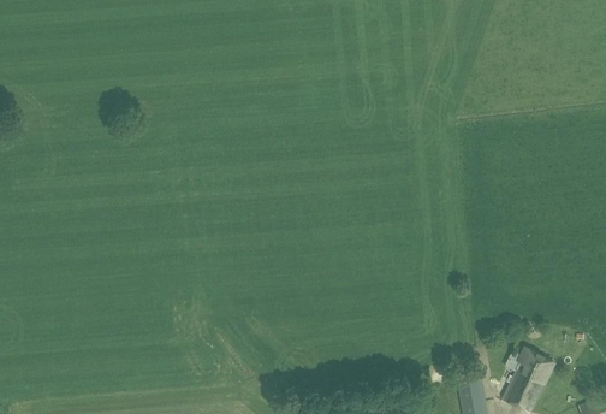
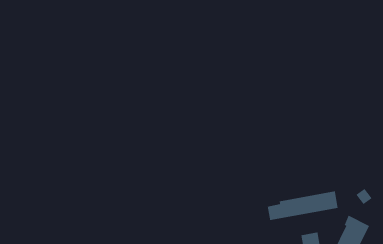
building: none -> [267,190,338,221]

